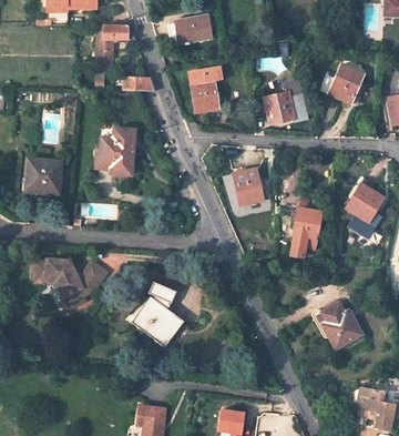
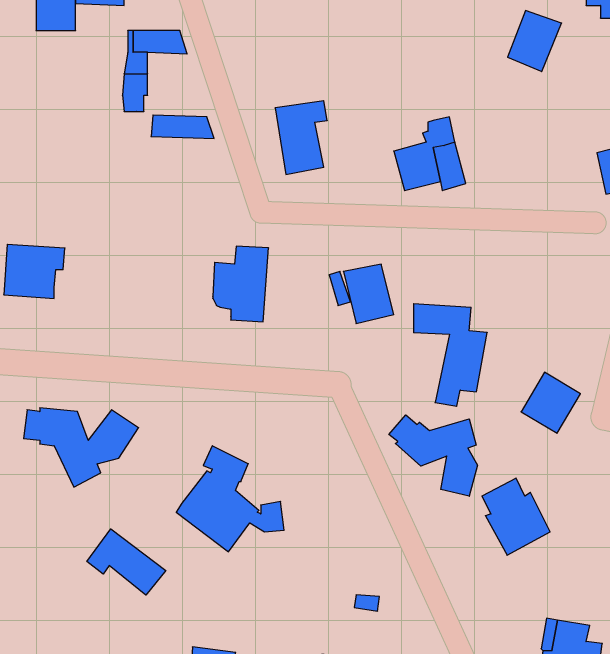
building: [167,19,211,45] -> none
building: [330,65,364,103] -> [508,11,562,72]
building: [100,128,134,174] -> [213,246,269,322]
building: [346,183,382,221] -> [521,372,580,433]
building: none -> [389,415,478,496]
building: none -> [87,529,166,595]

